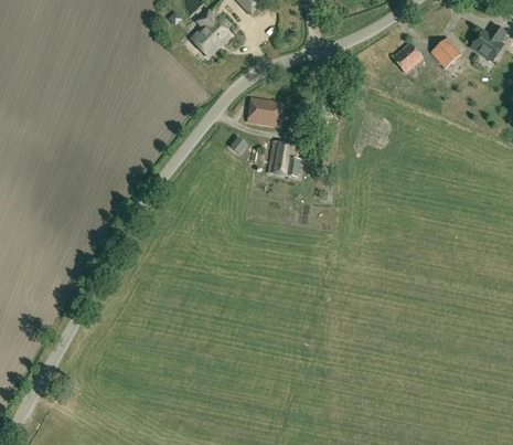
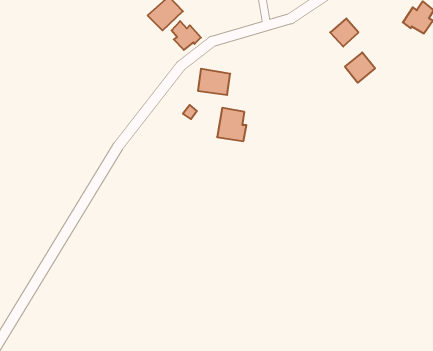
building: [430,31,463,64] -> [345,52,375,83]
building: none -> [172,21,201,50]

